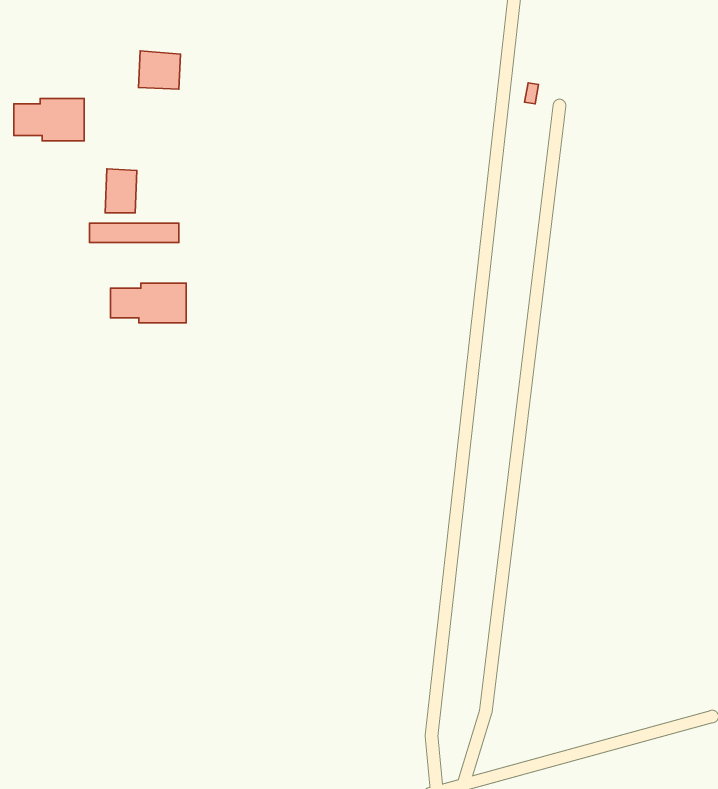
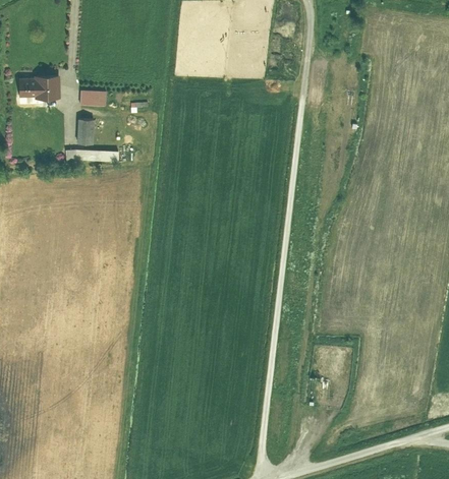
building: [138,51,181,89] -> [81,84,106,107]
building: [111,283,186,323] -> none

